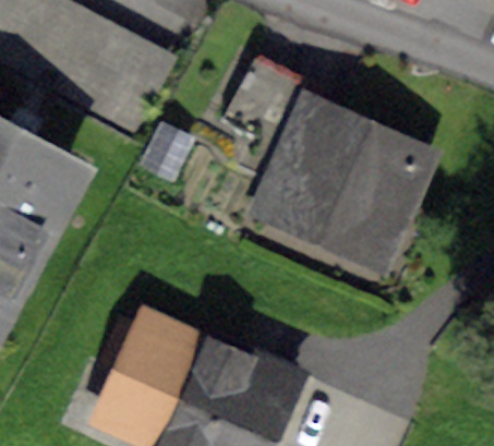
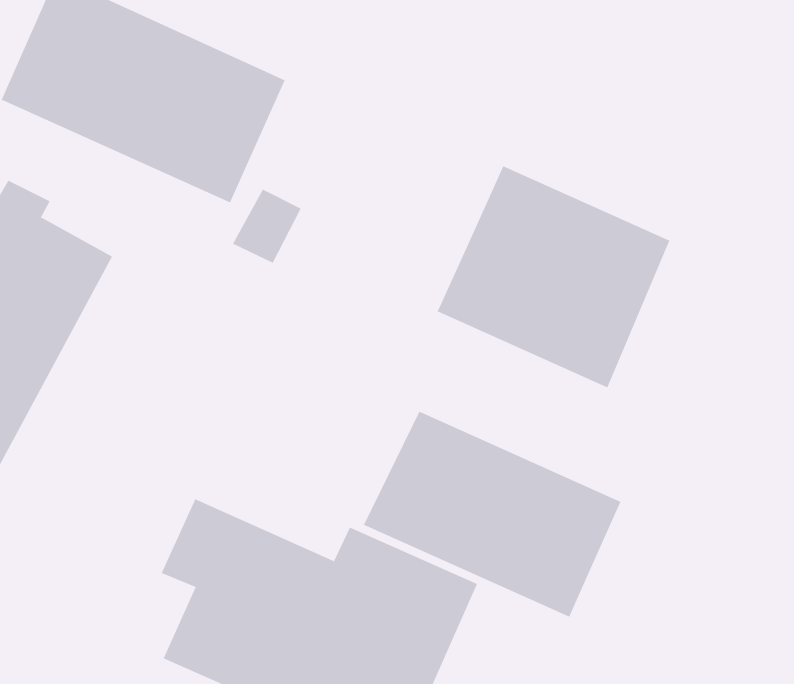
building: [226,65,316,162] -> none
building: none -> [363,411,621,618]

